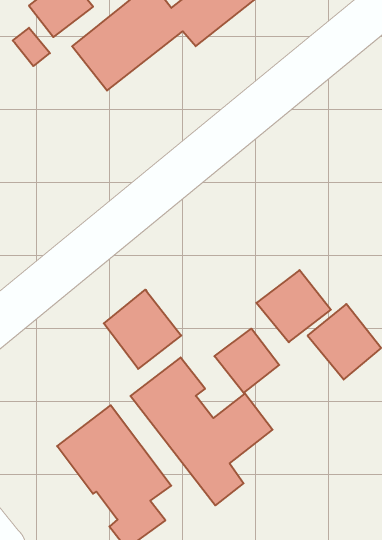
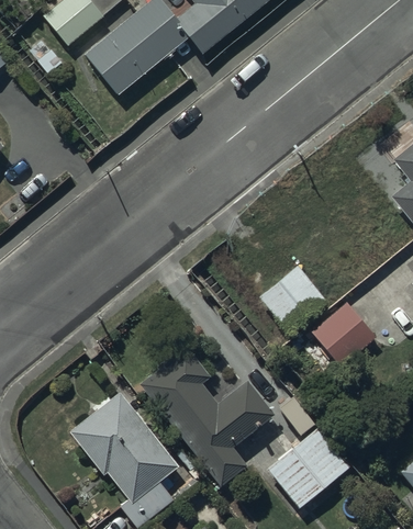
building: [104,290,181,369] -> none
building: [214,329,279,393] -> none
building: none -> [268,429,349,508]

